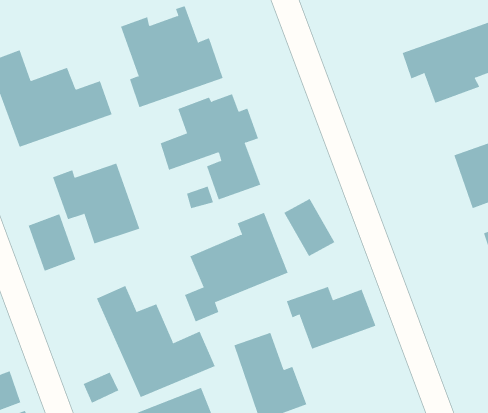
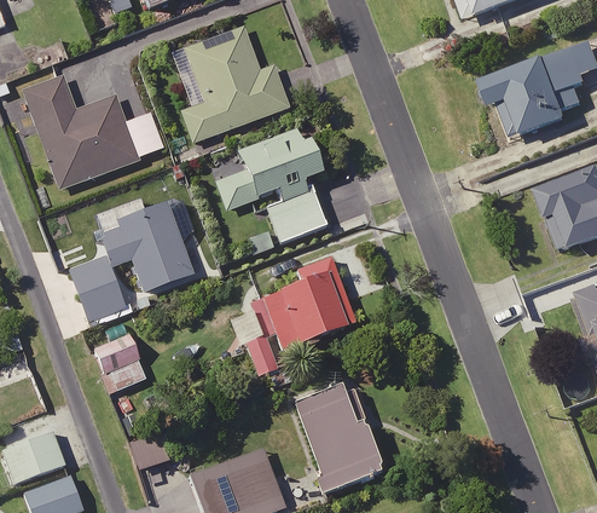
building: [283,198,335,257] -> none
building: none -> [95,334,147,391]
building: [96,285,215,398] -> none
building: [286,286,376,349] -> none

